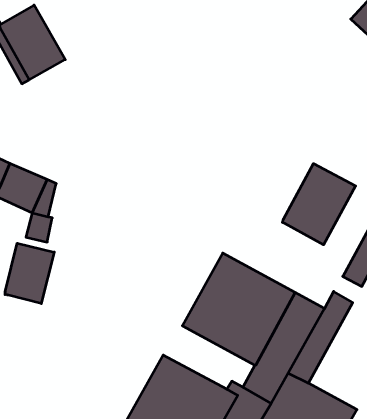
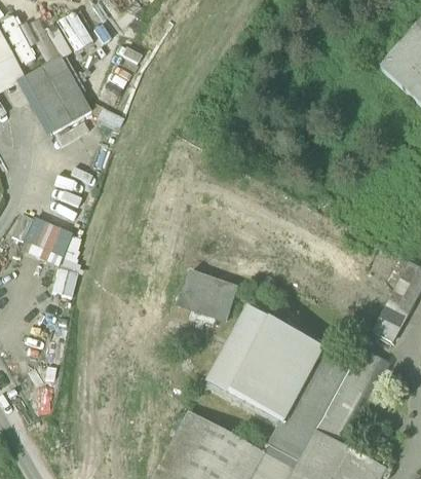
building: [282,164,356,245] -> none
building: none -> [177,267,238,319]
building: [5,243,54,304] -> none

